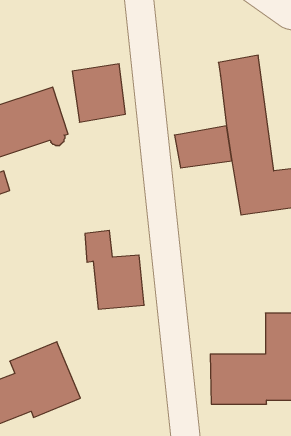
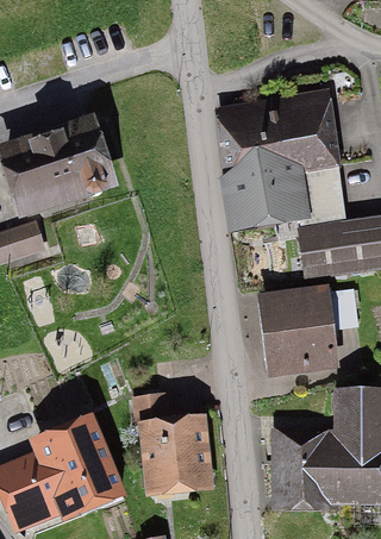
building: [72,64,125,122] -> [229,114,291,182]
building: none -> [263,289,357,370]
building: [85,230,144,309] -> [136,395,205,487]

